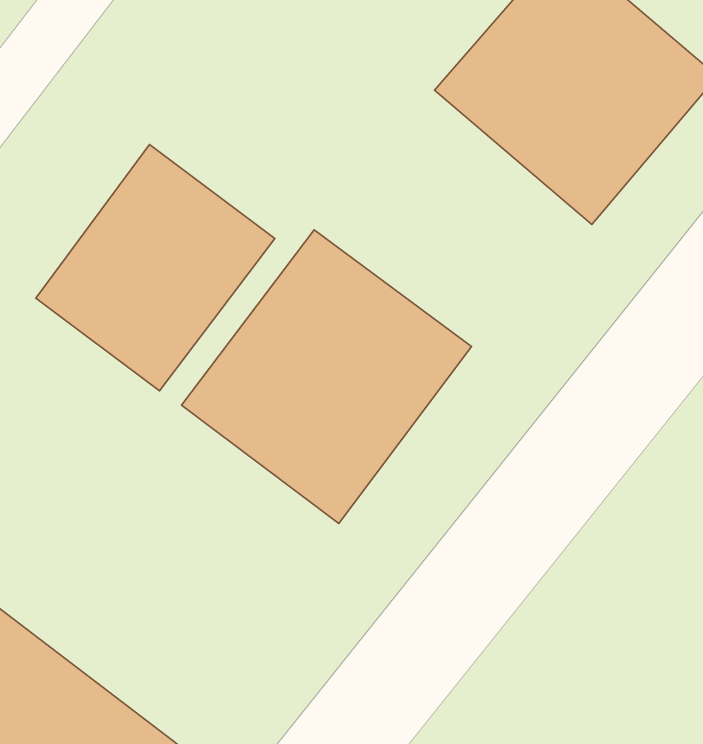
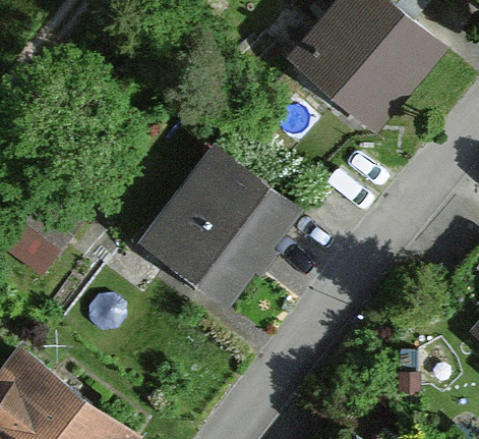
building: [36,145,275,391] -> none

